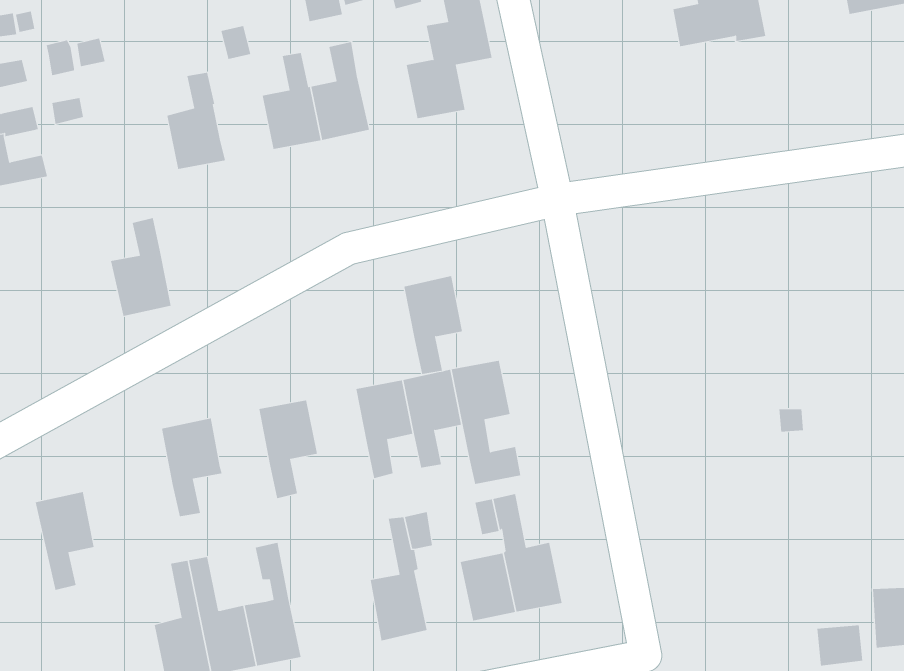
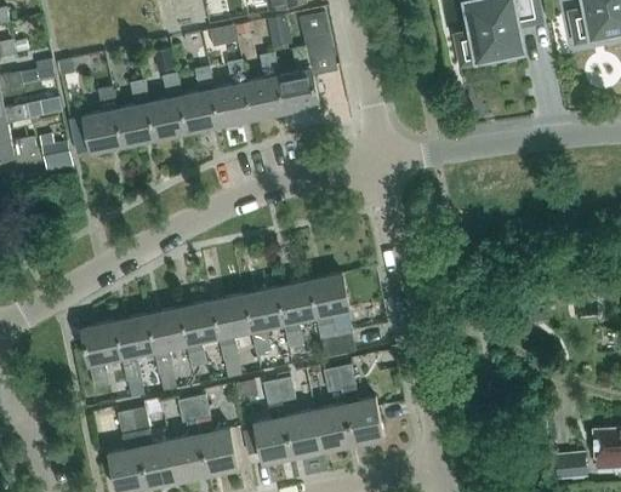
building: none -> [245,55,285,120]
building: none -> [148,75,188,141]
building: none -> [39,135,73,173]
building: [110,218,171,317] -> [82,87,124,154]
building: [403,276,463,375] -> [211,294,251,361]
building: none -> [147,308,186,376]
building: [35,491,94,590] -> [80,321,120,388]
building: none -> [192,395,238,475]
building: none -> [284,411,323,457]

